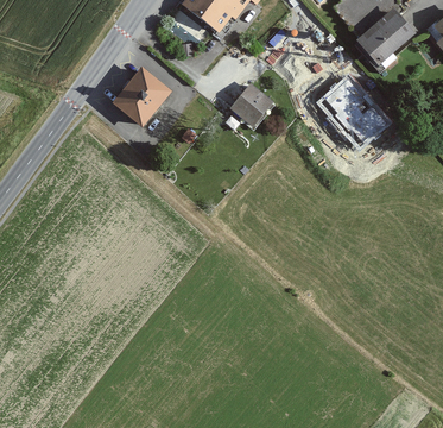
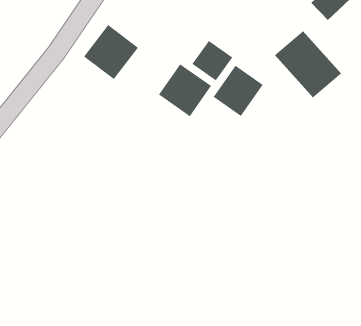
building: none -> [158,63,212,117]
building: none -> [213,65,263,117]

